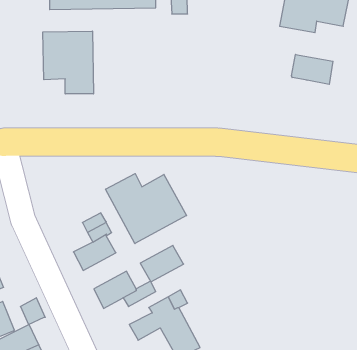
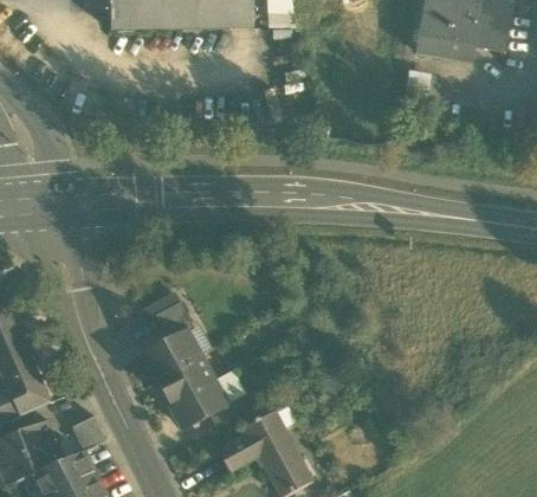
building: [43,31,93,94] -> none
building: [292,54,333,84] -> none
building: [106,174,187,244] -> none
building: [140,245,184,282] -> [155,354,213,402]

